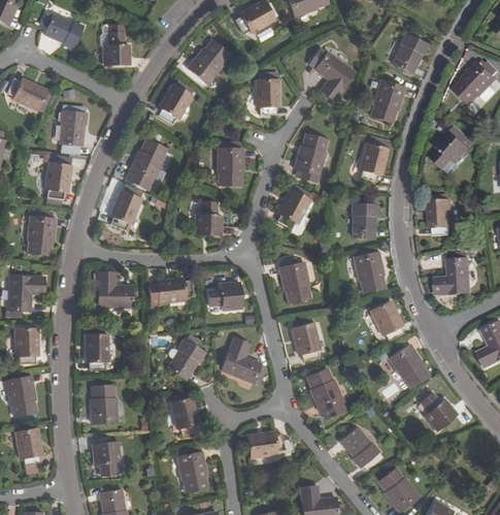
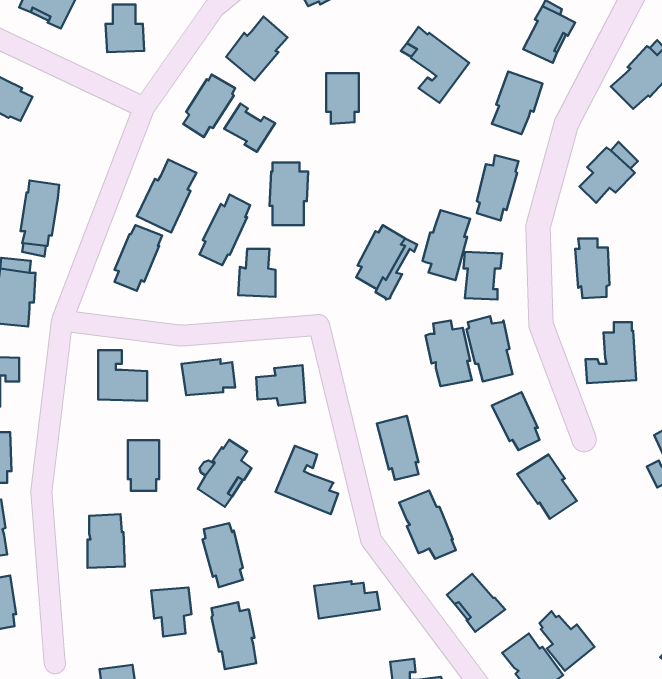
building: none -> [224,103,275,152]
building: [60,103,87,144] -> none
building: [294,133,327,182] -> [423,210,470,280]
building: none -> [199,195,250,265]
building: [278,257,310,302] -> [426,320,472,386]
building: [86,334,107,369] -> [128,440,159,491]
building: [419,389,457,430] -> [539,611,595,671]
building: [92,442,120,476] -> [151,587,191,637]

